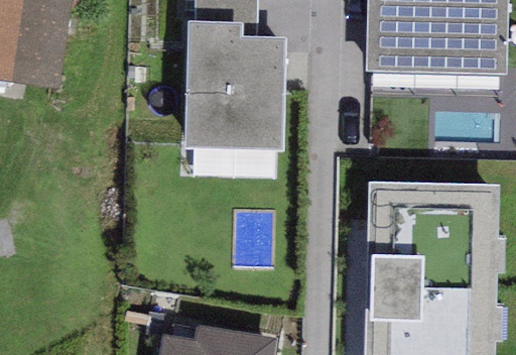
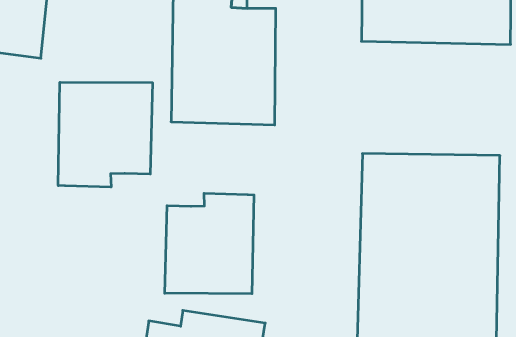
building: none -> [58,82,152,187]
building: none -> [165,193,254,294]

